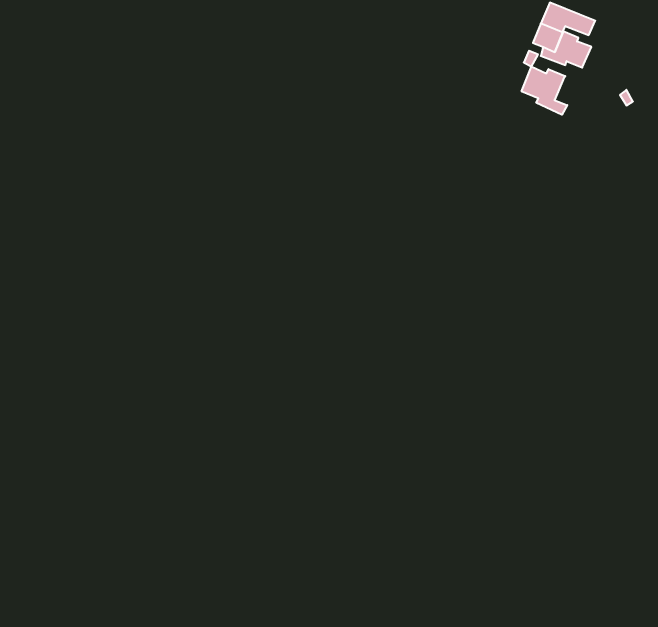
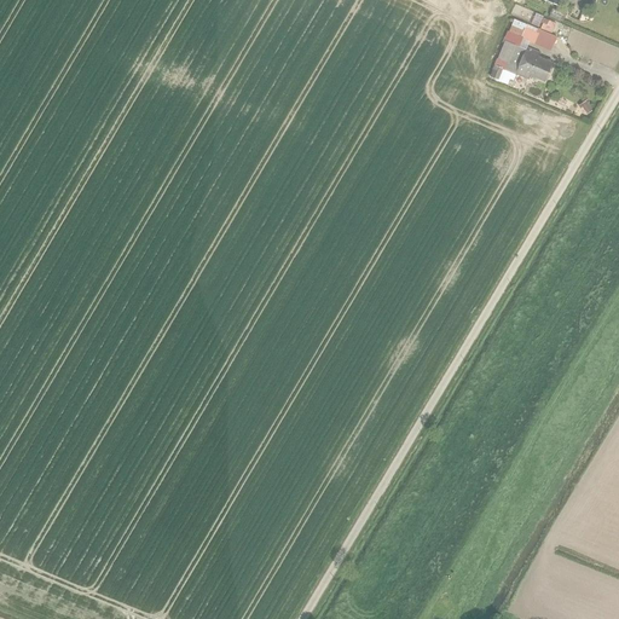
building: [522,66,567,115] -> none

